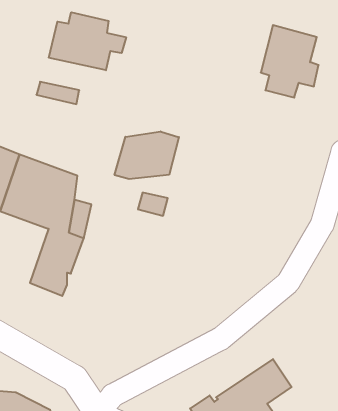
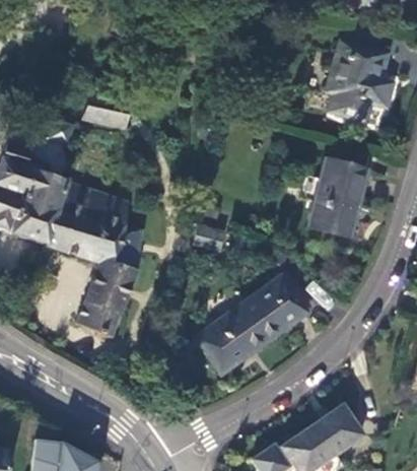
building: [49,12,126,70] -> none
building: [115,131,179,179] -> none
building: none -> [311,158,369,238]
building: none -> [200,276,305,363]

